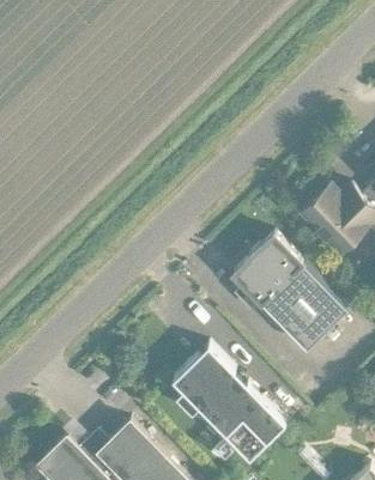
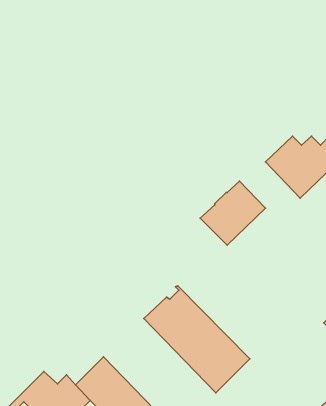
building: [261,265,347,351] -> none

